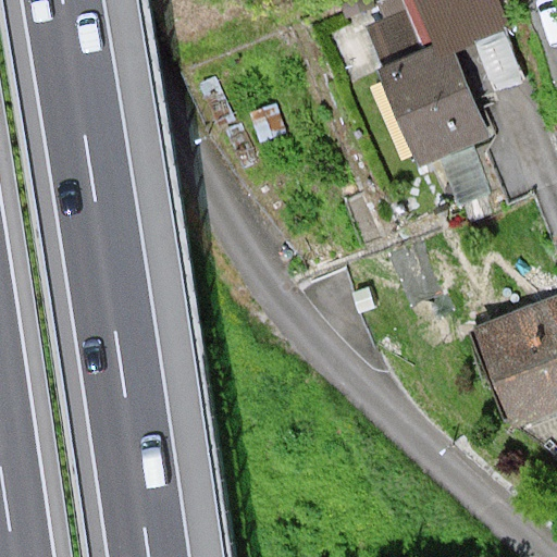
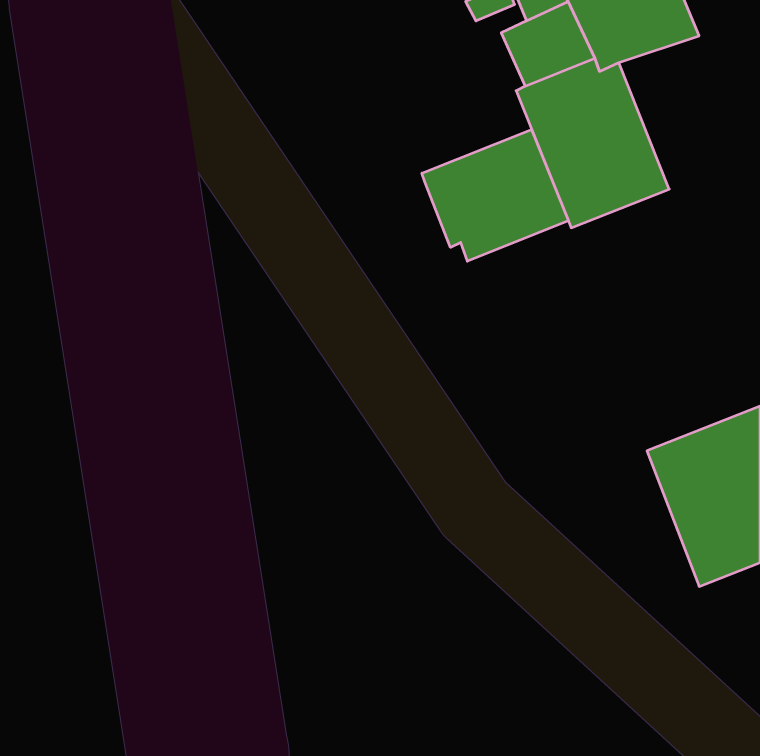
building: none -> [422,130,568,261]

